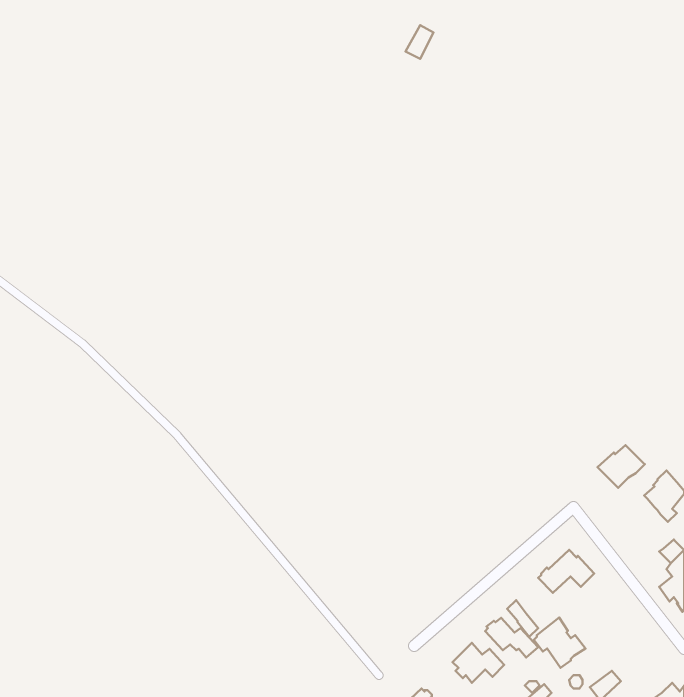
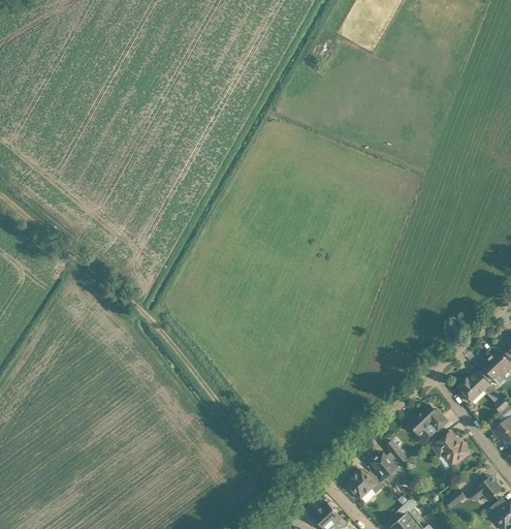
building: [598,445,645,488] -> [457,372,490,402]
building: [534,618,586,668] -> [434,432,470,467]
building: none -> [470,477,503,501]

